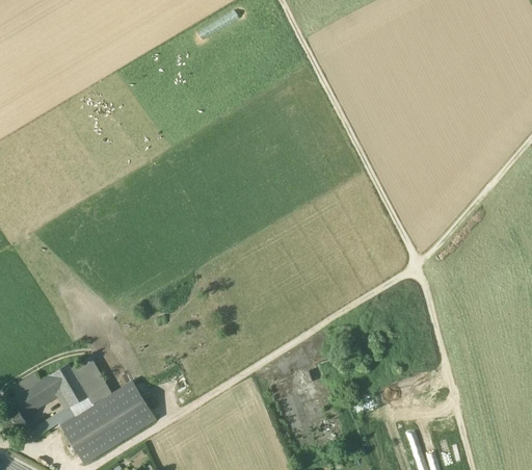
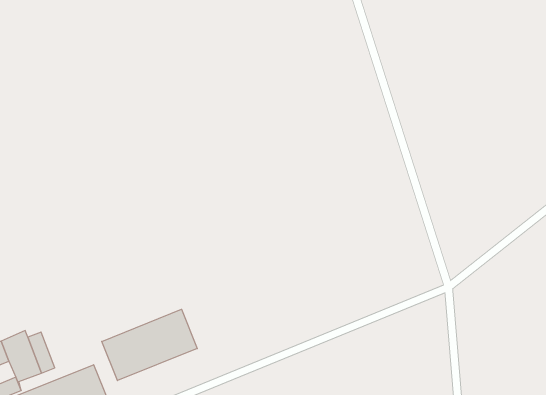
building: none -> [102,309,197,381]

